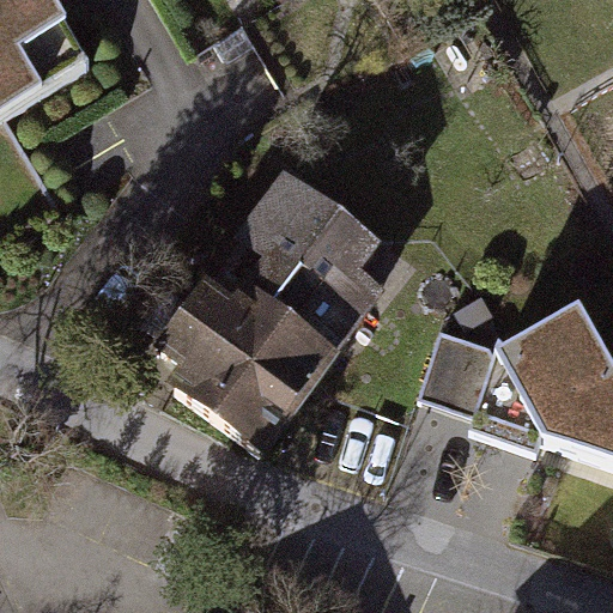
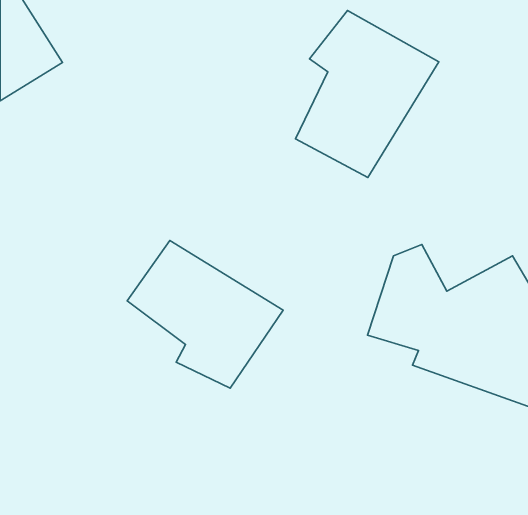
building: none -> [295,11,439,177]
building: [200,172,390,357] -> none

